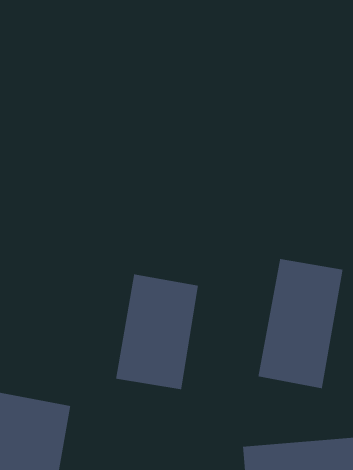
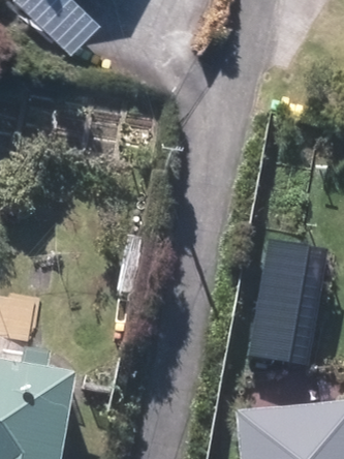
building: [115,274,199,390] -> none

